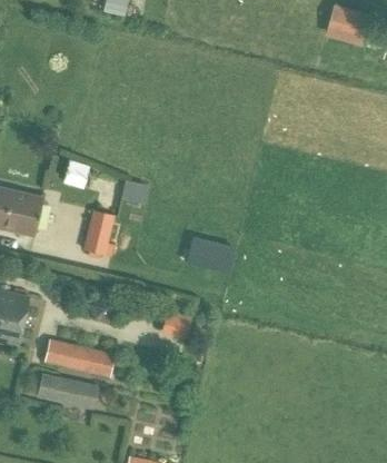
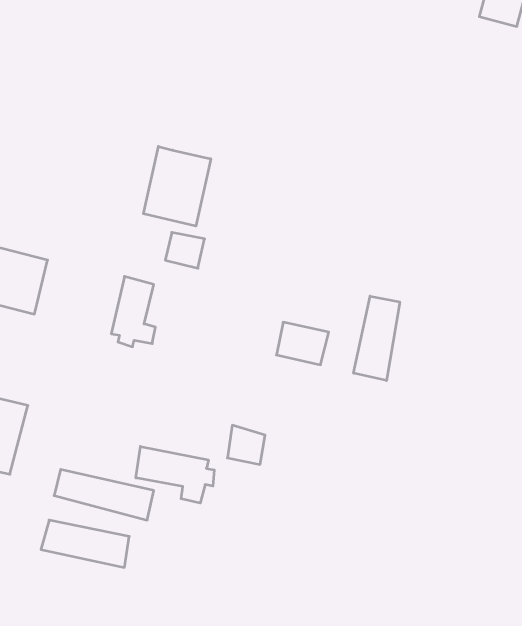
building: none -> [143,146,211,226]
building: none -> [354,296,400,381]
building: none -> [136,446,214,503]

